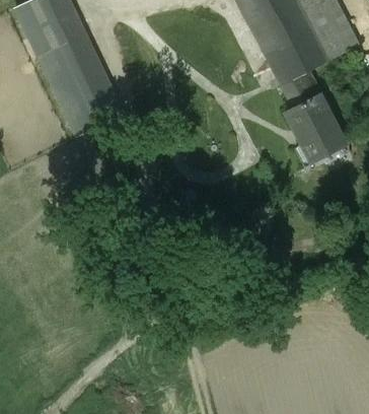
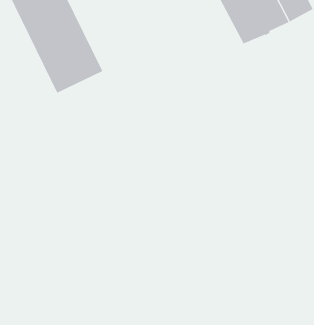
building: [279,73,345,166] -> none

